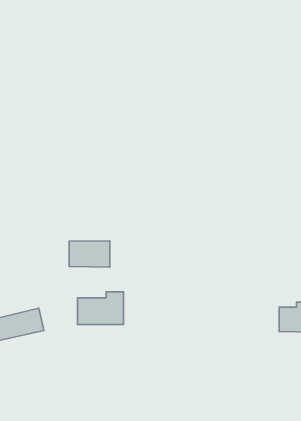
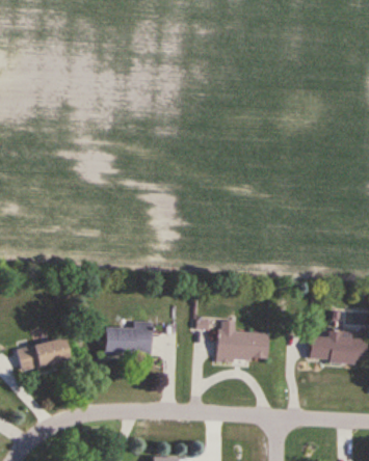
building: [69,241,110,267] -> none
building: none -> [217,321,268,361]

